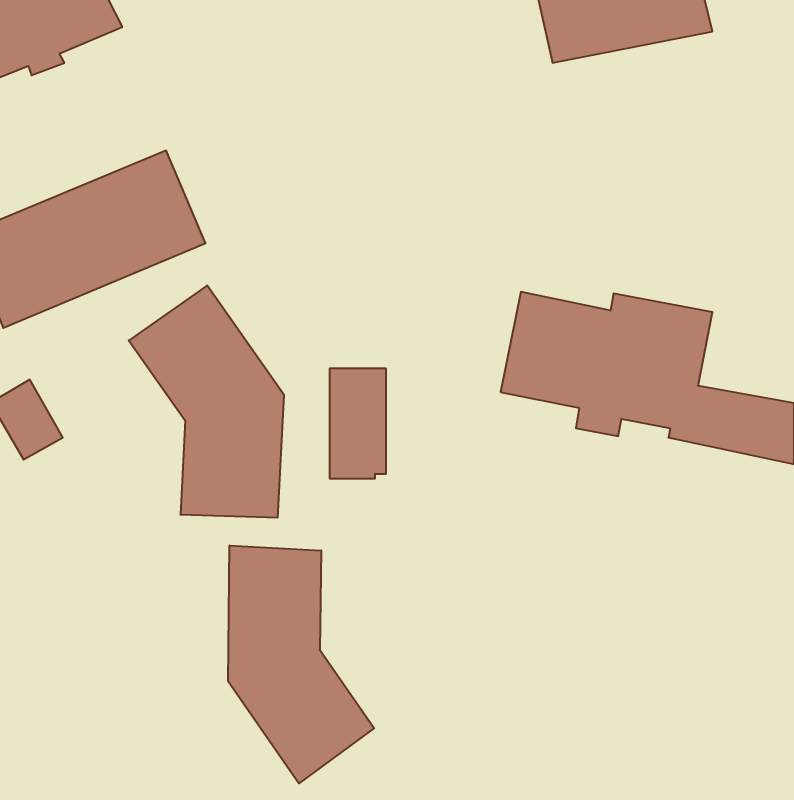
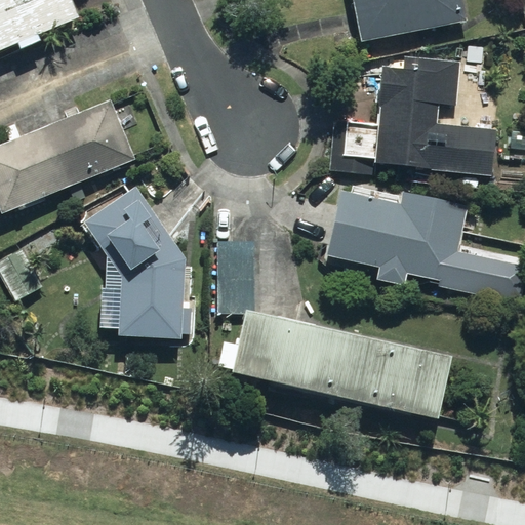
building: none -> [327,56,494,174]
building: none -> [218,312,452,418]
building: [228,545,374,783] -> none

